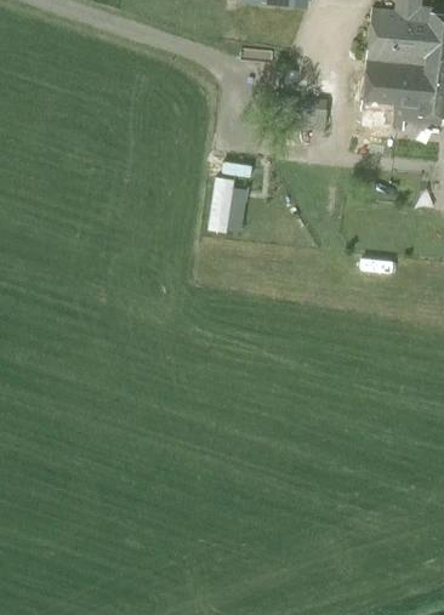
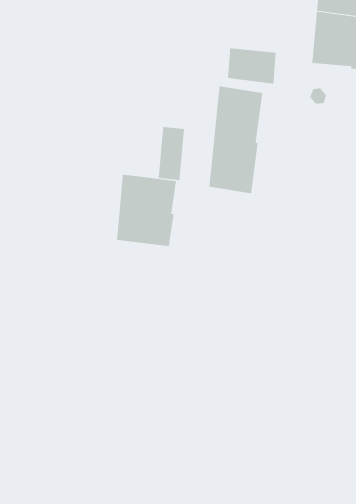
building: none -> [209,85,263,194]
building: none -> [117,174,176,247]

